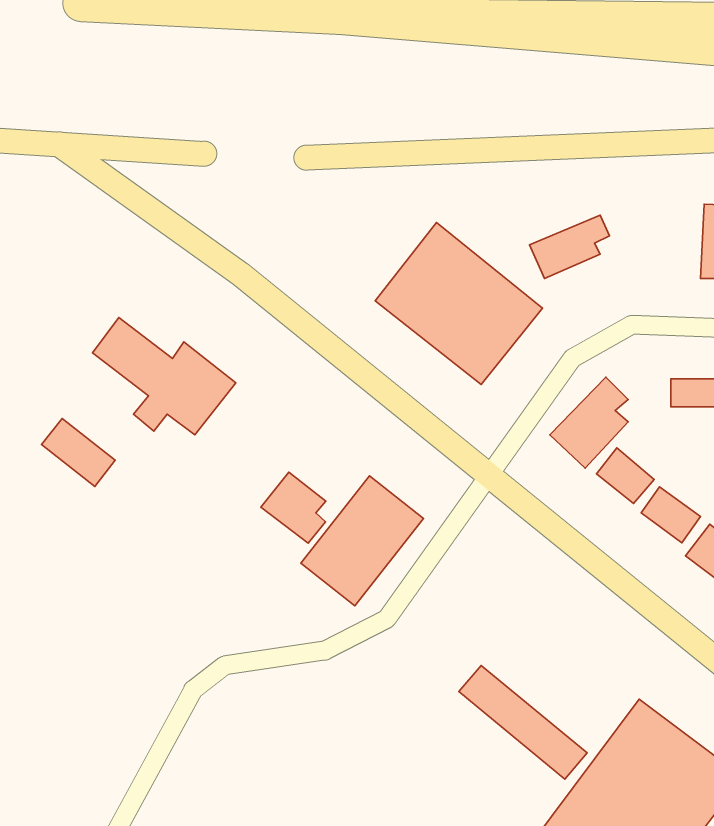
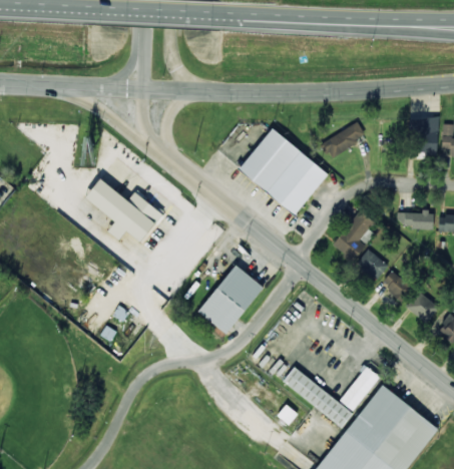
building: [42,418,115,486] -> none
building: [261,472,326,543] -> none
building: none -> [340,365,378,411]

